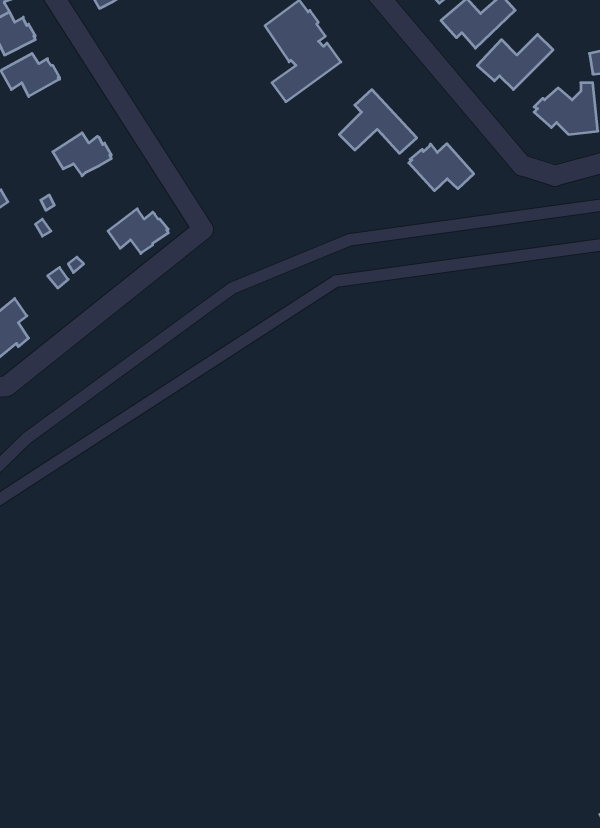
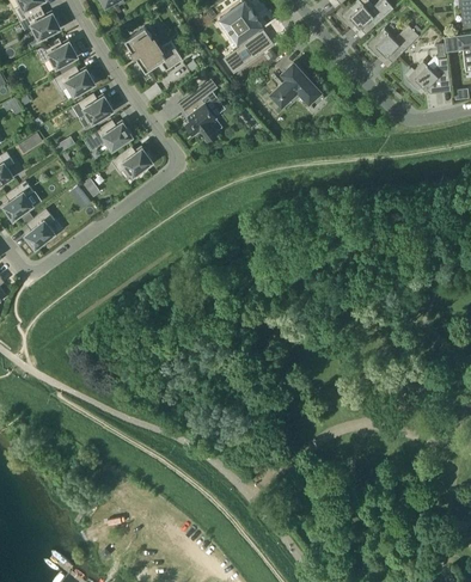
building: none -> [126,27,183,72]
building: none -> [54,66,96,96]
building: none -> [178,79,218,141]
building: [409,144,474,191] -> none
building: none -> [84,120,133,151]

